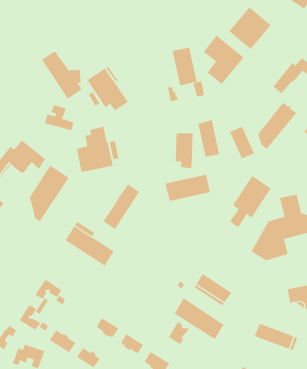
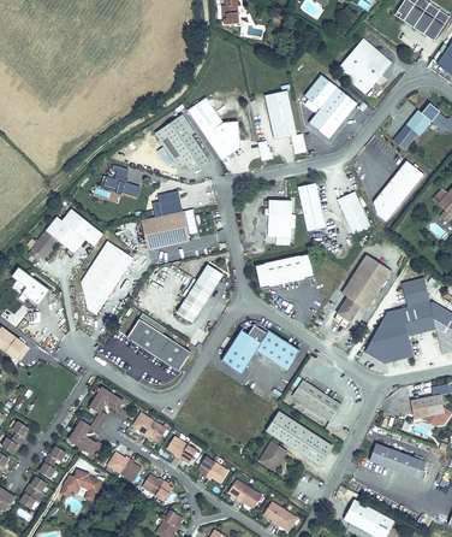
building: [41,51,83,99] -> [188,98,240,160]
building: none -> [221,325,301,373]
building: none -> [132,412,167,442]

